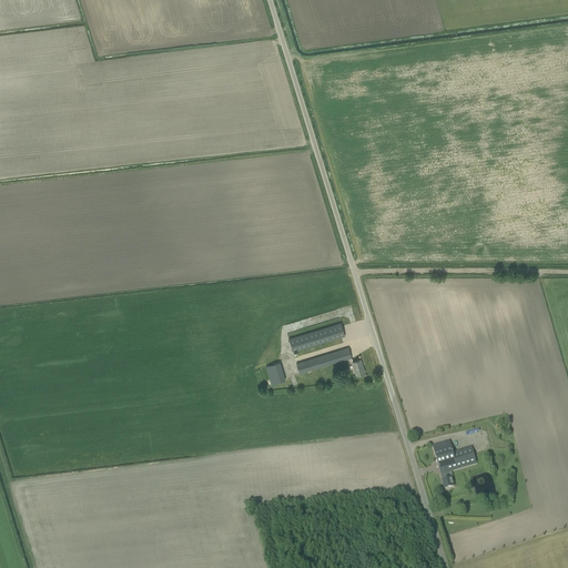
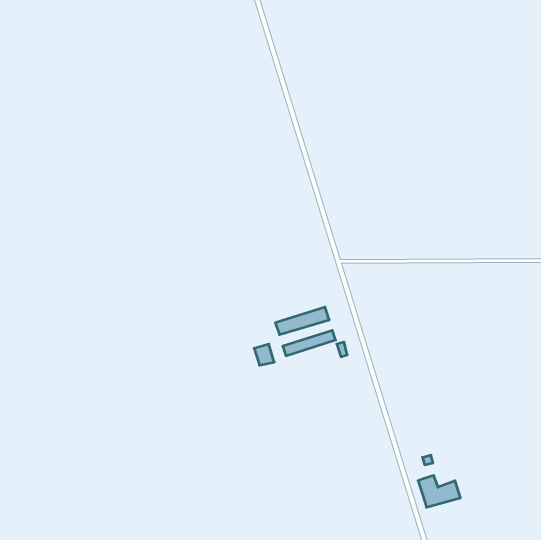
building: [433,440,477,474] -> [418,476,460,507]

